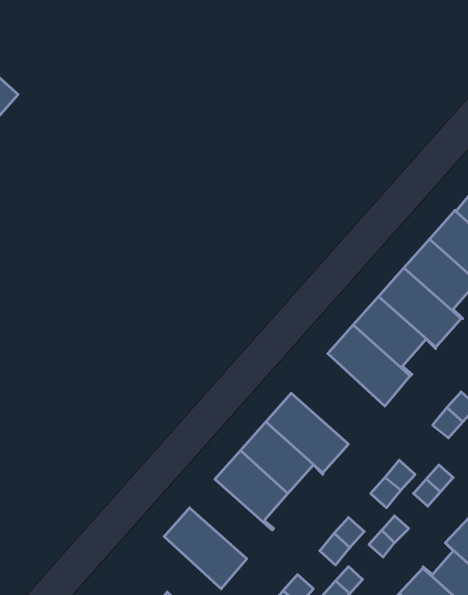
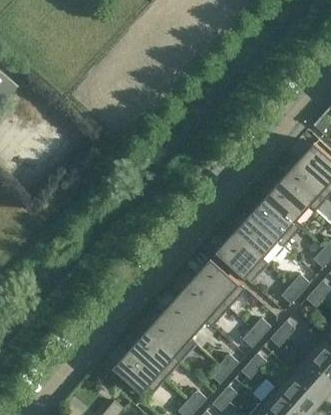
building: none -> [193,256,246,307]
building: none -> [128,330,181,380]

